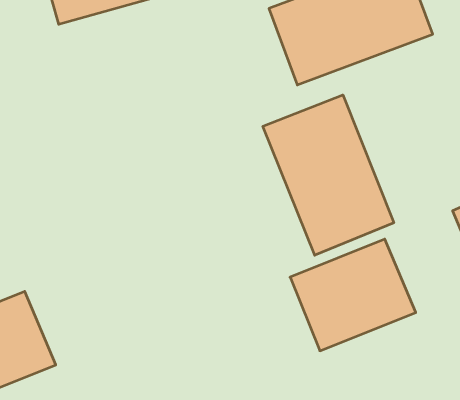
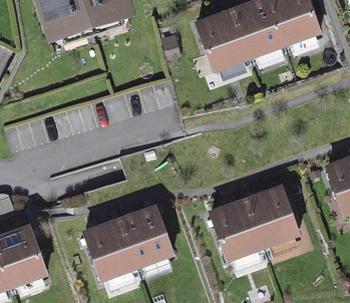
building: [263,95,394,255] -> none
building: none -> [84,205,173,285]

